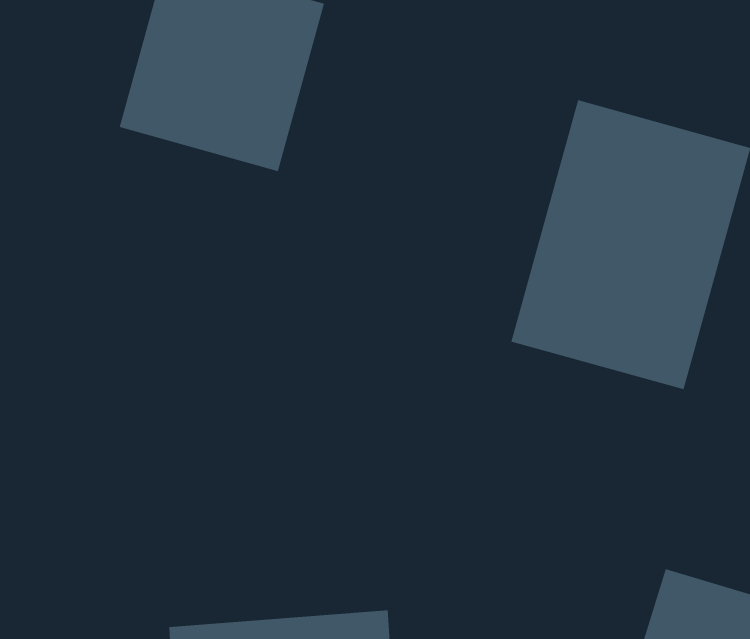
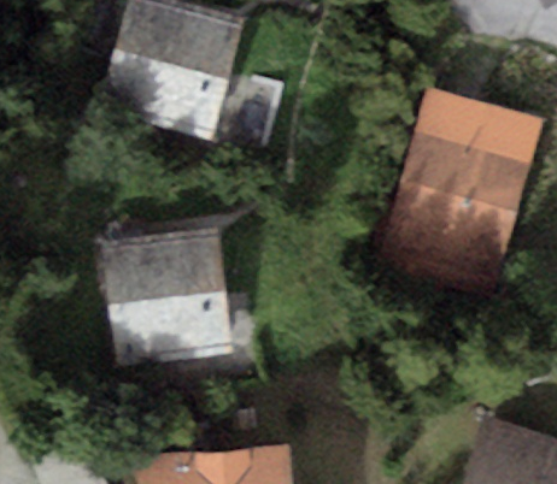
building: none -> [100,229,234,362]

